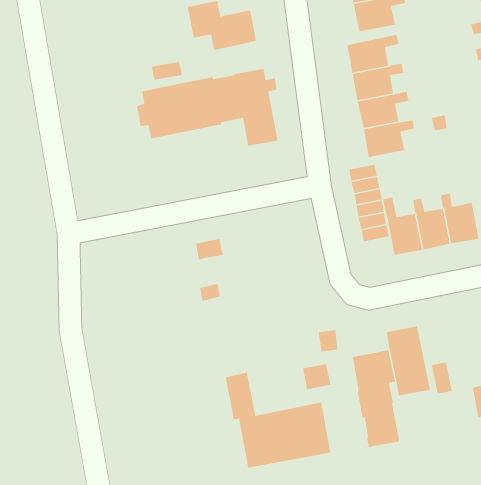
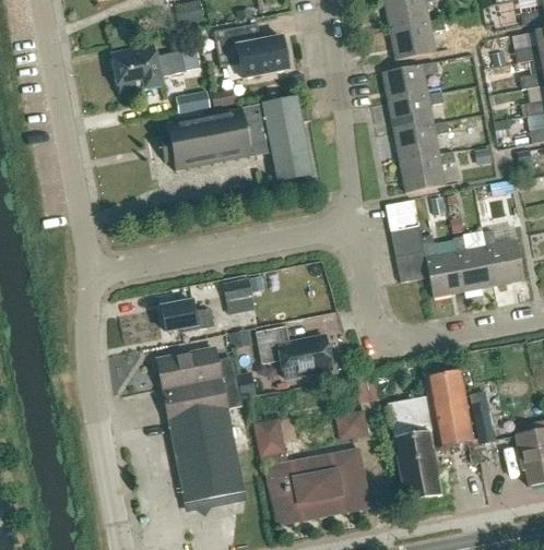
building: none -> [114,46,199,88]
building: none -> [162,301,213,332]
building: none -> [256,324,331,376]
building: none -> [156,348,244,501]

